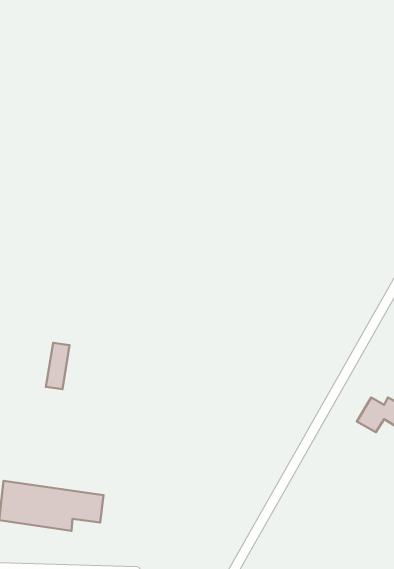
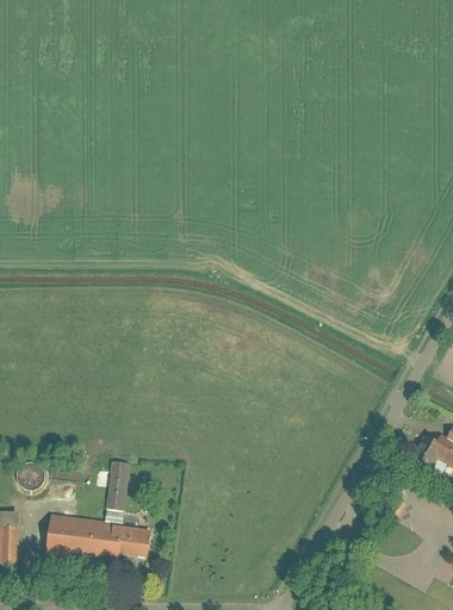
building: [46,343,70,389] -> [105,462,129,509]

